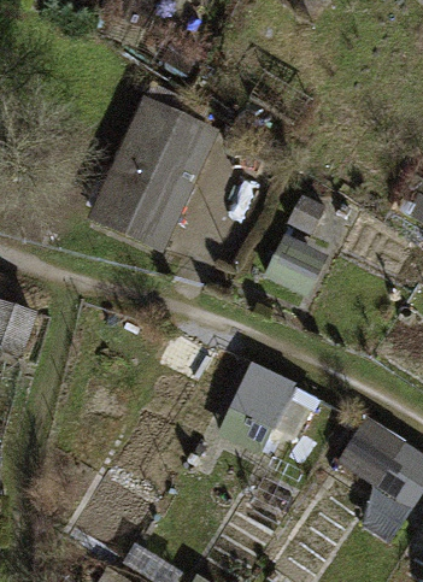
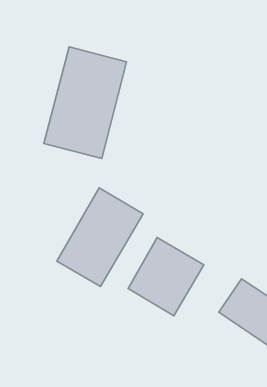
building: none -> [57,188,143,286]

